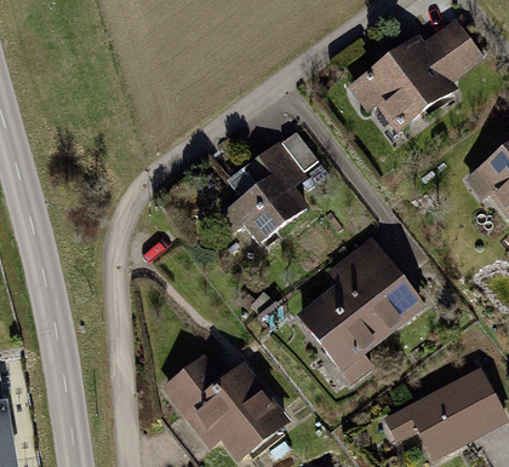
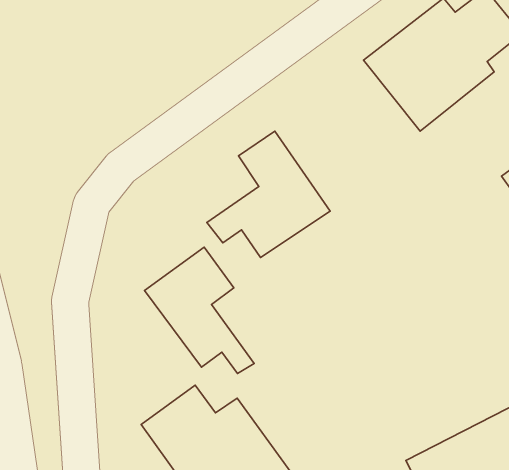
building: [298,232,428,386] -> none
building: none -> [145,247,254,374]

